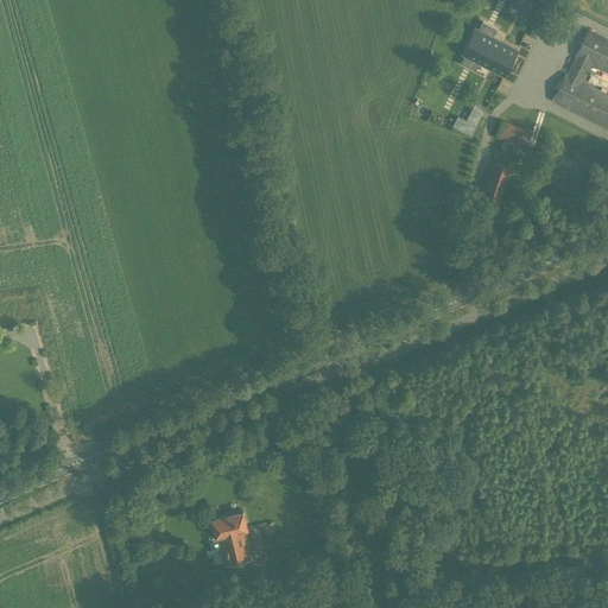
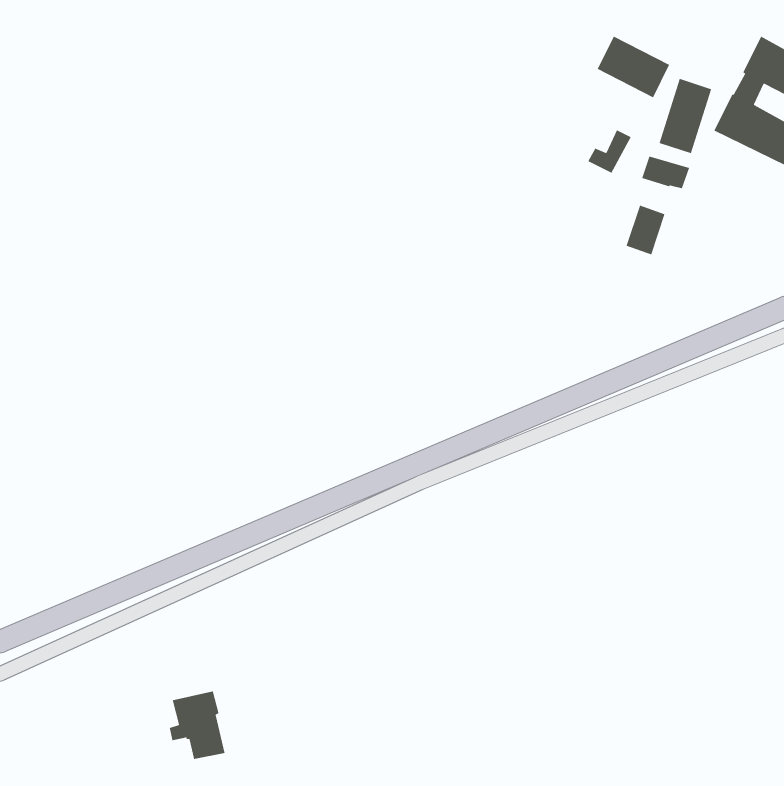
building: none -> [659,78,712,154]
building: [209,511,253,564] -> [169,690,226,760]

